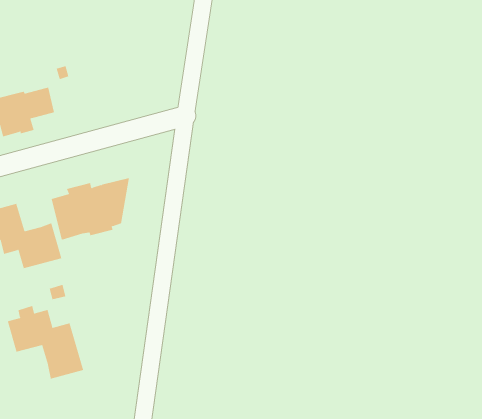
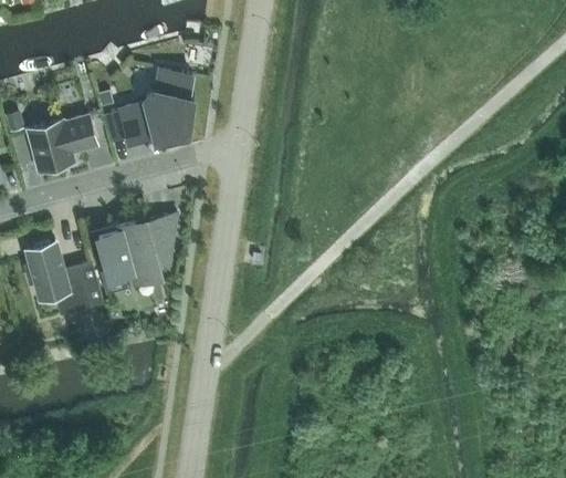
building: none -> [120,71,195,142]
building: [7,305,84,380] -> none

